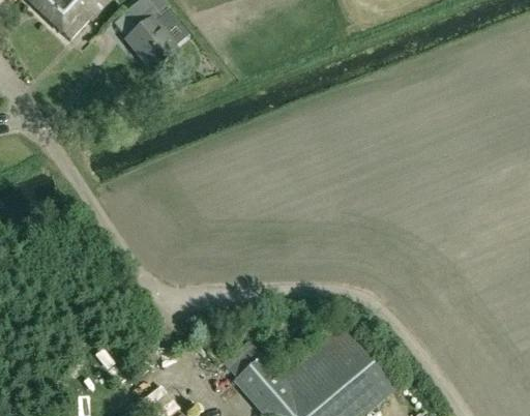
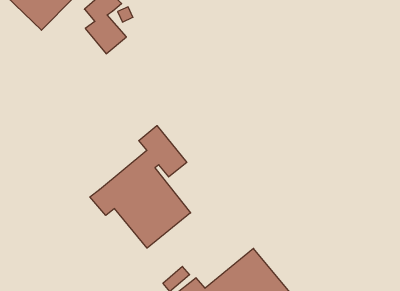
building: none -> [90,126,191,248]

